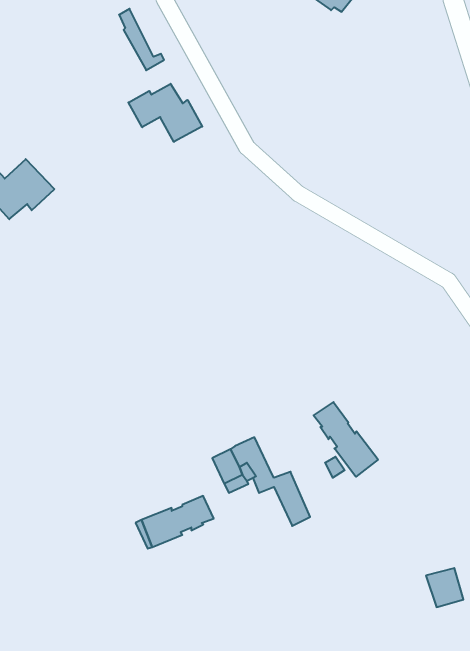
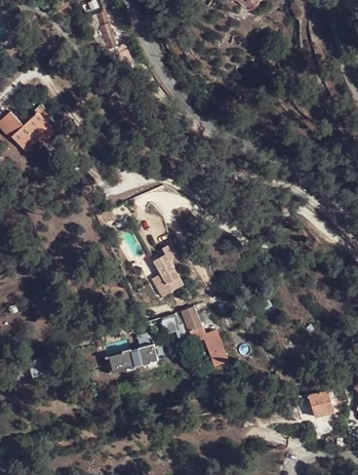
building: [128,84,202,142] -> none
building: none -> [152,252,175,283]
building: [314,402,378,477] -> none

